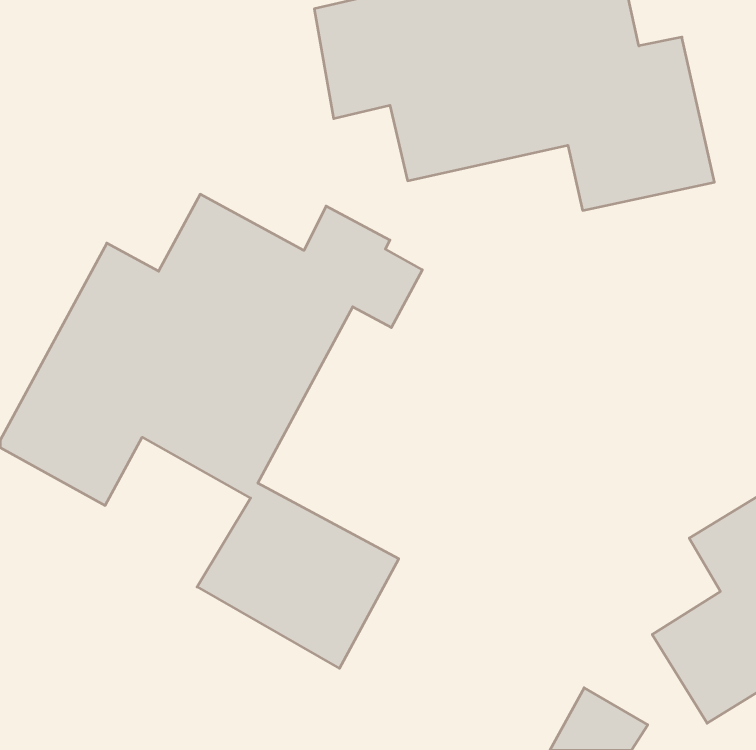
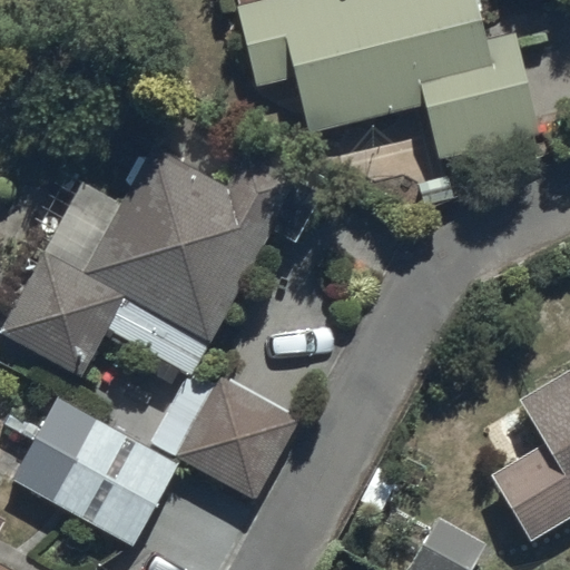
building: none -> [14,395,181,547]

